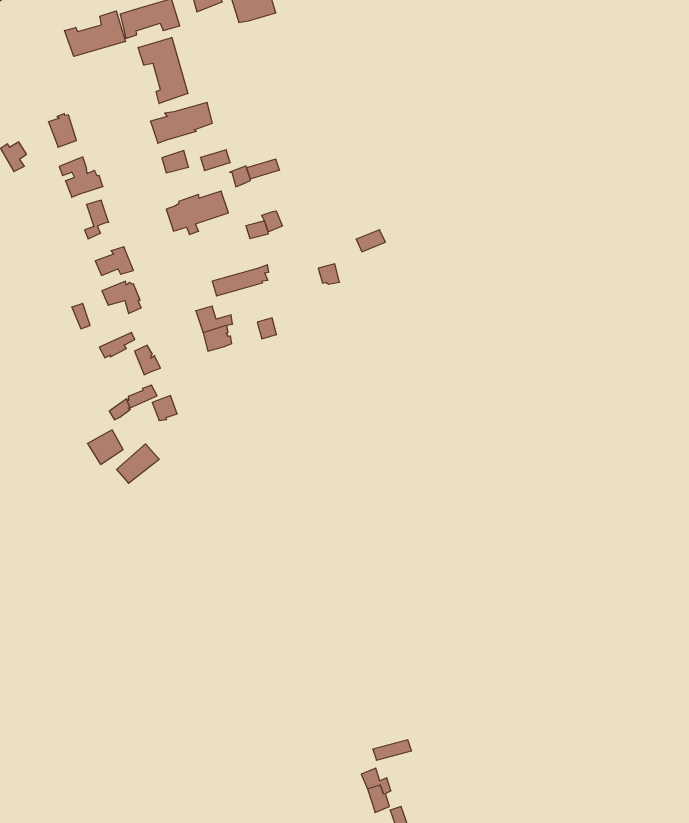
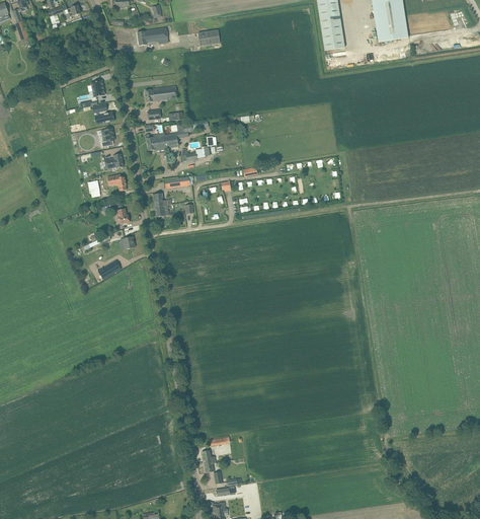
building: [65,11,125,56] -> none
building: [138,37,188,104] -> none

